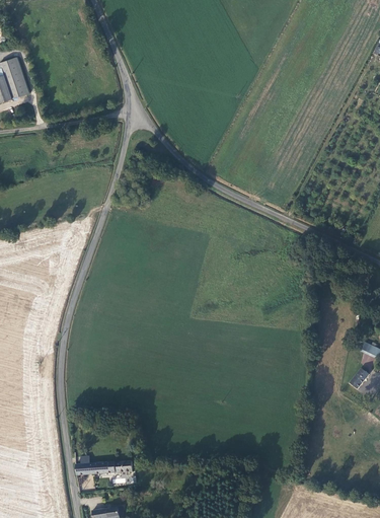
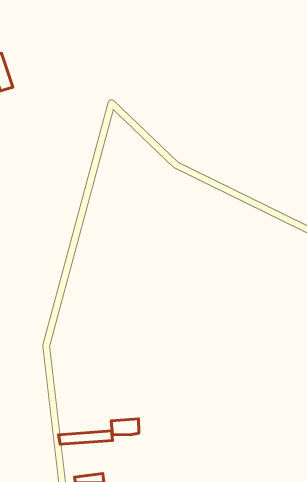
building: none -> [111,419,139,435]

